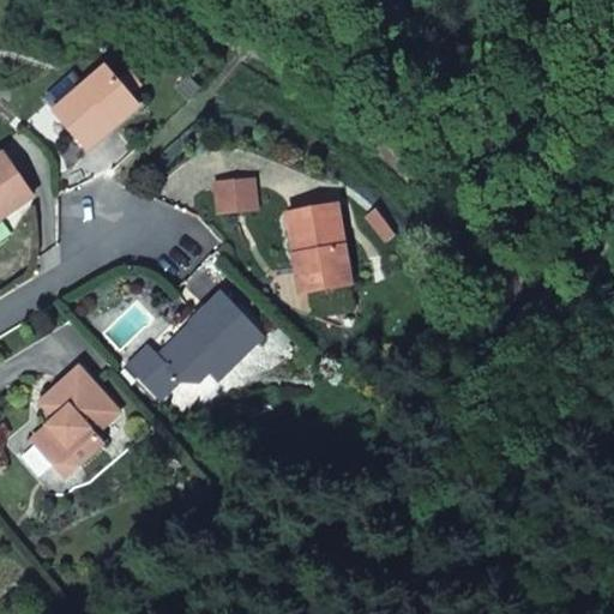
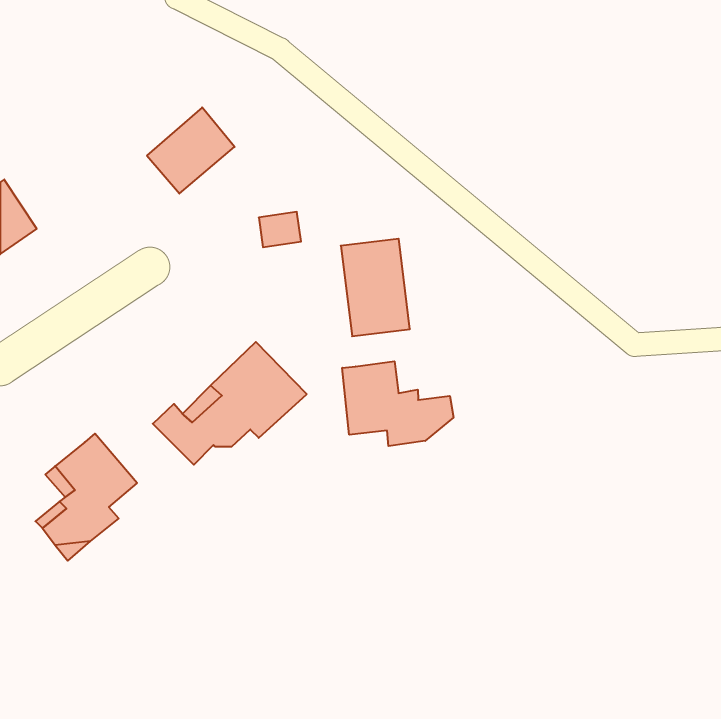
building: [56,74,131,148] -> [147,107,235,194]
building: none -> [342,361,453,446]

